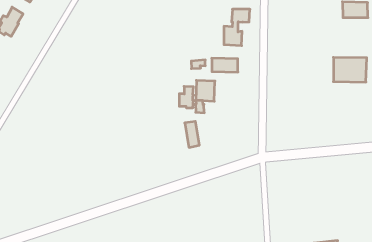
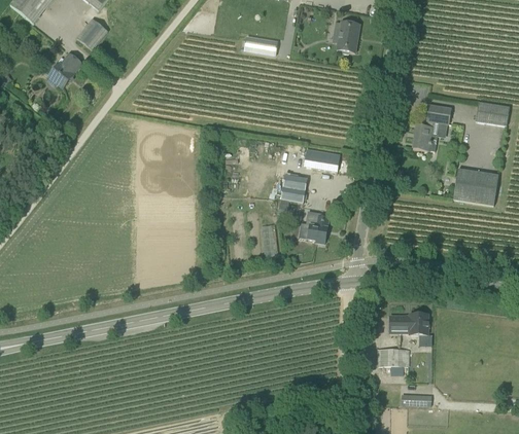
building: [224,9,250,46] -> [413,105,451,151]
building: [179,86,194,108] -> [308,215,328,243]
building: none -> [389,314,429,334]
building: none -> [378,349,408,366]

